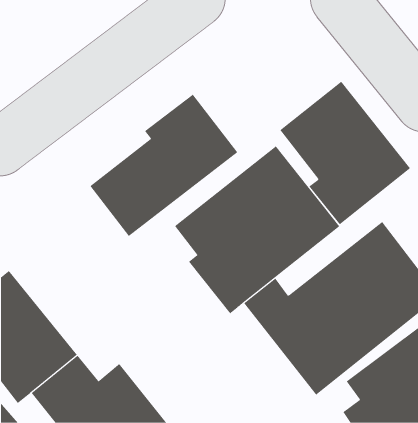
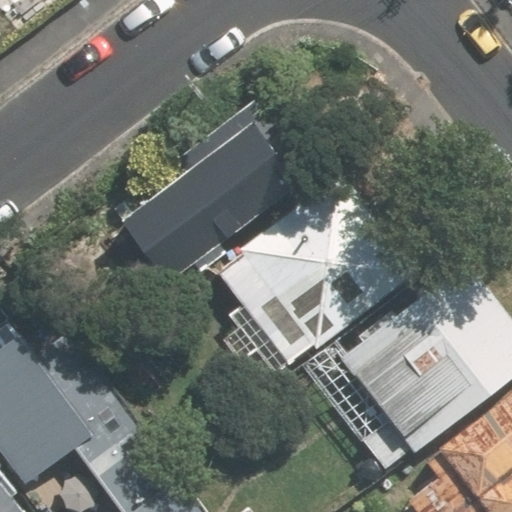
building: [279,81,411,225] -> none

